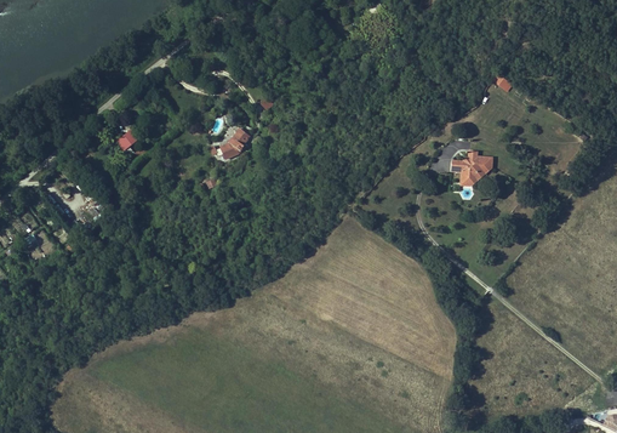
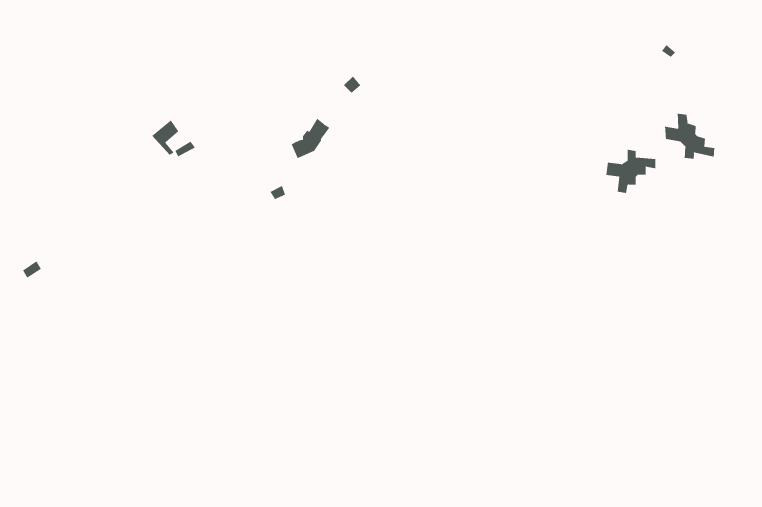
building: none -> [665,113,715,160]

